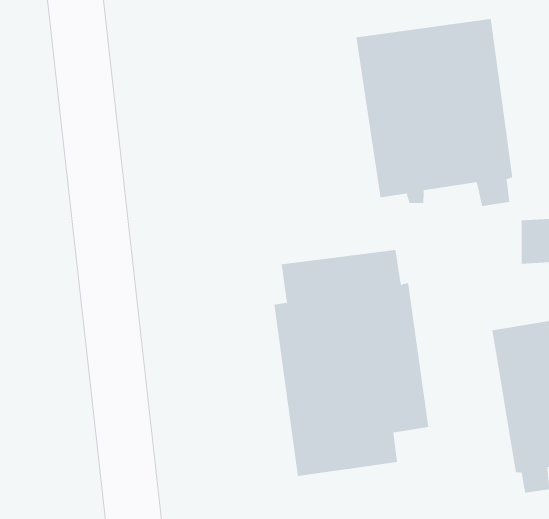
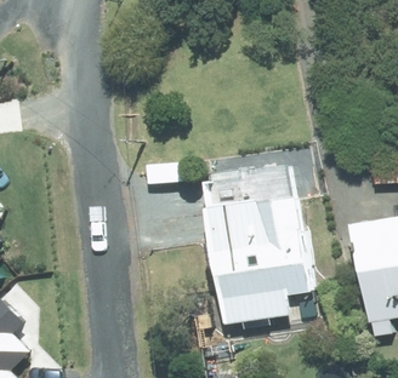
building: [356,18,513,207] -> none

